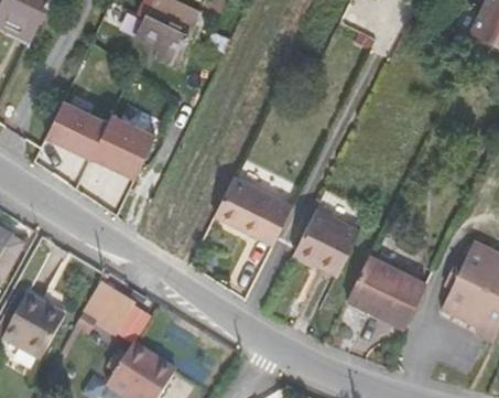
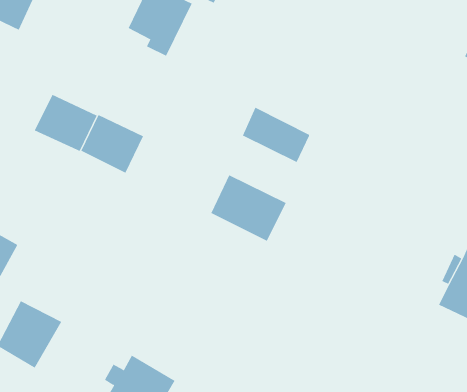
building: none -> [242,107,311,163]
building: [290,205,358,273] -> none
building: [343,251,422,326] -> none
building: [90,295,134,341] -> none

